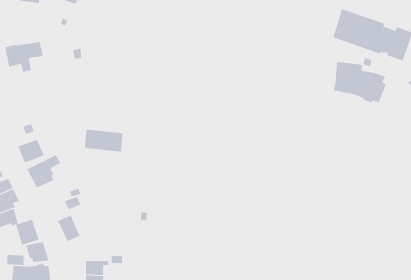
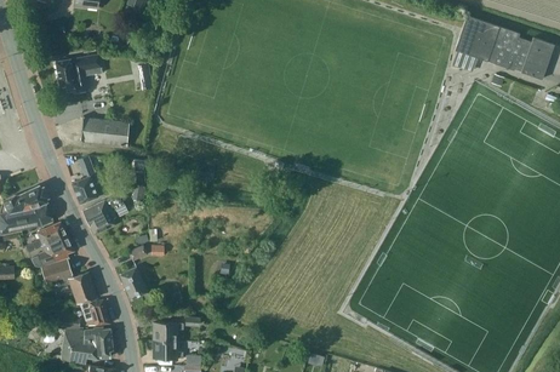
building: [333,61,387,103] -> none
building: [84,128,124,152] -> [80,116,128,145]

